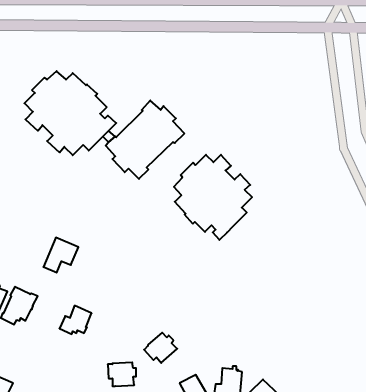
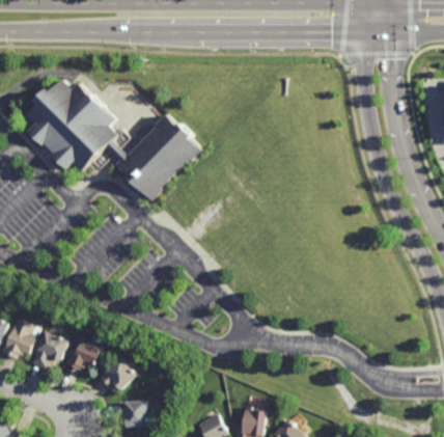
building: [174,155,252,240] -> none
building: [43,238,78,273] -> [33,329,72,367]
building: [144,333,177,363] -> [102,356,138,389]

